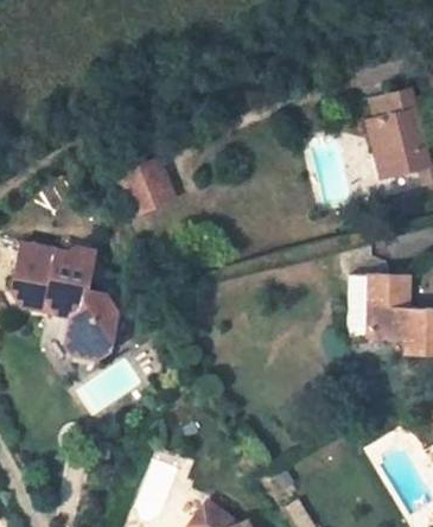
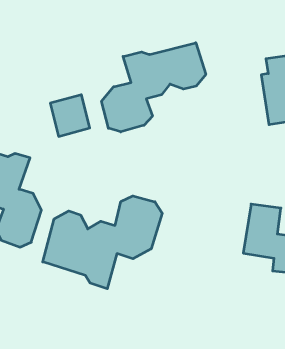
building: none -> [102,43,206,132]
building: none -> [43,196,162,289]

